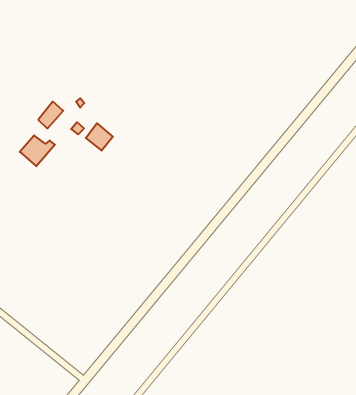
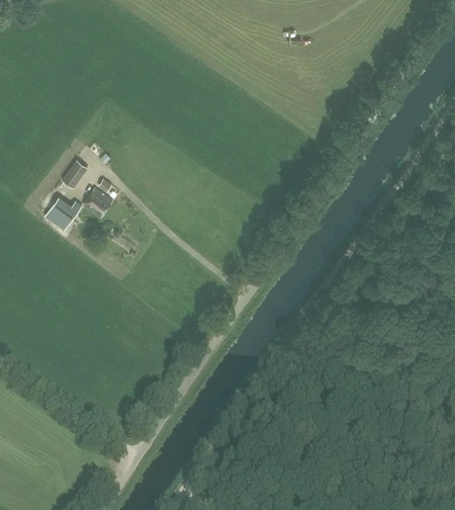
building: [86,123,113,151] -> [83,187,112,217]

